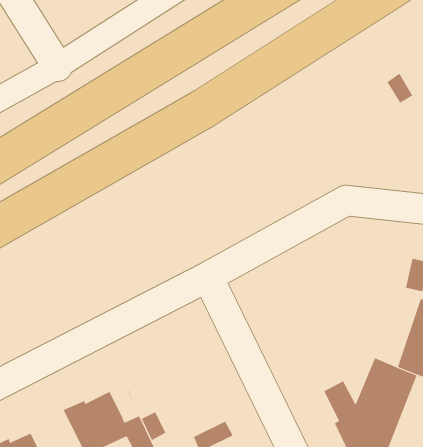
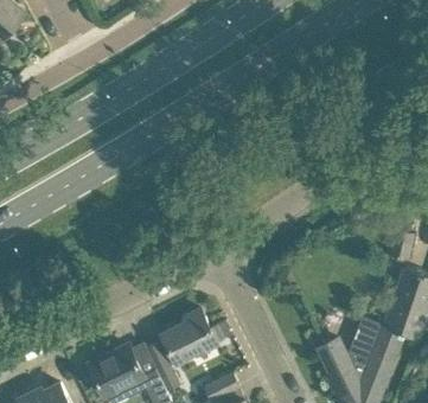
building: none -> [164,309,219,364]

